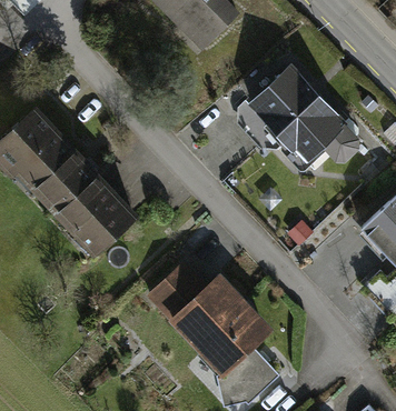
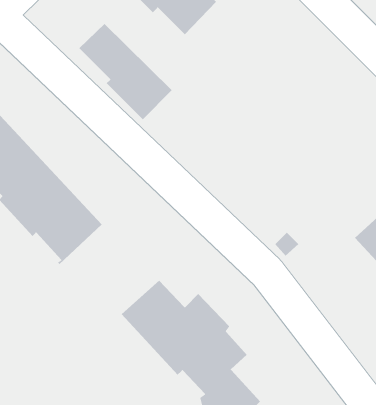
building: none -> [78,23,173,120]
building: [238,69,358,161] -> none

